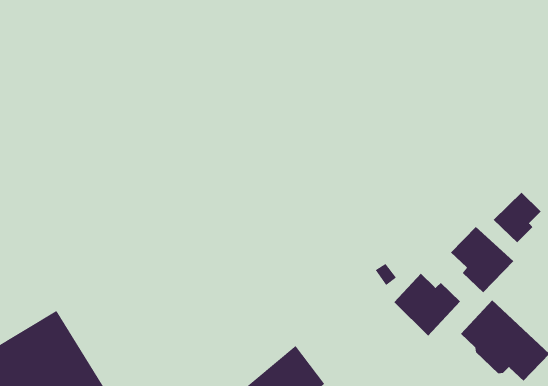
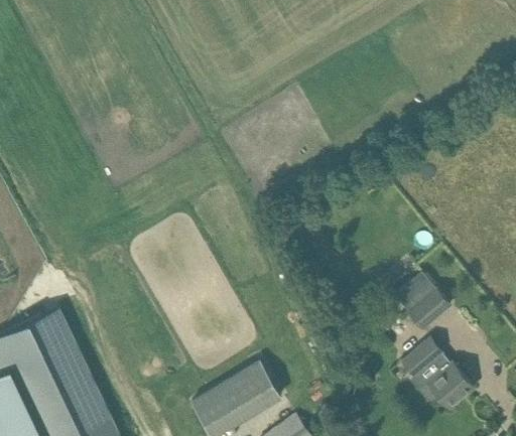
building: [493,192,542,243] -> none
building: [393,273,461,337] -> none

